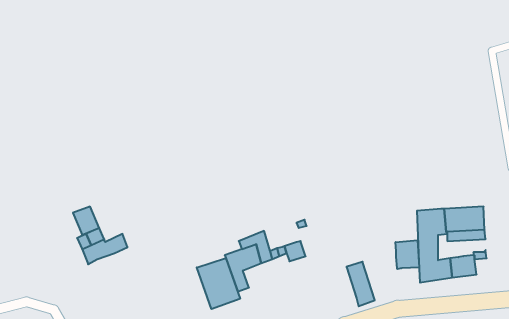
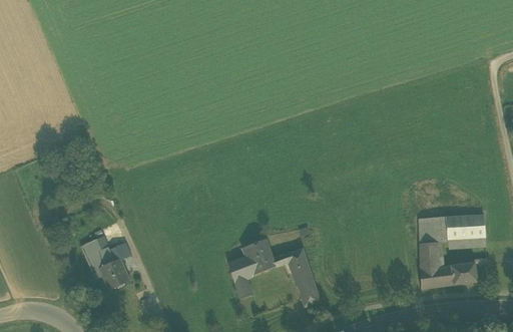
building: [73,207,99,235] -> [101,260,127,288]
building: [396,240,419,269] -> none
building: [197,258,240,309] -> none
building: [346,262,375,306] -> [292,263,320,307]

